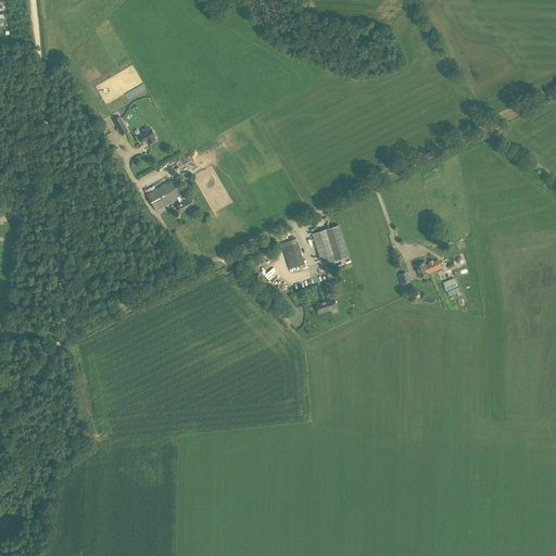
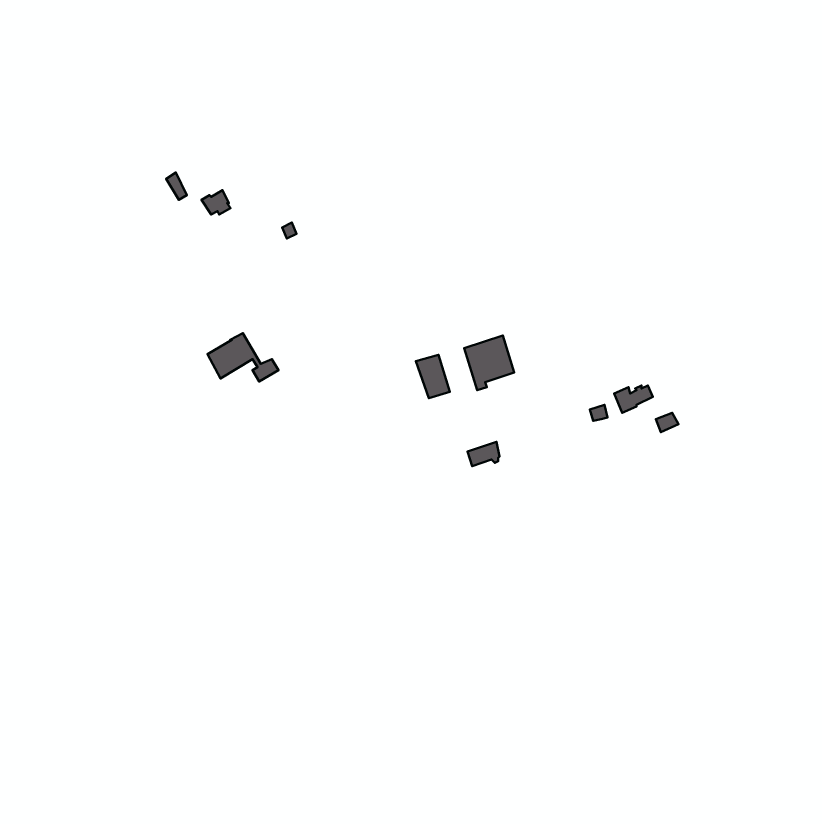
building: [146,180,193,213] -> [208,333,278,382]

